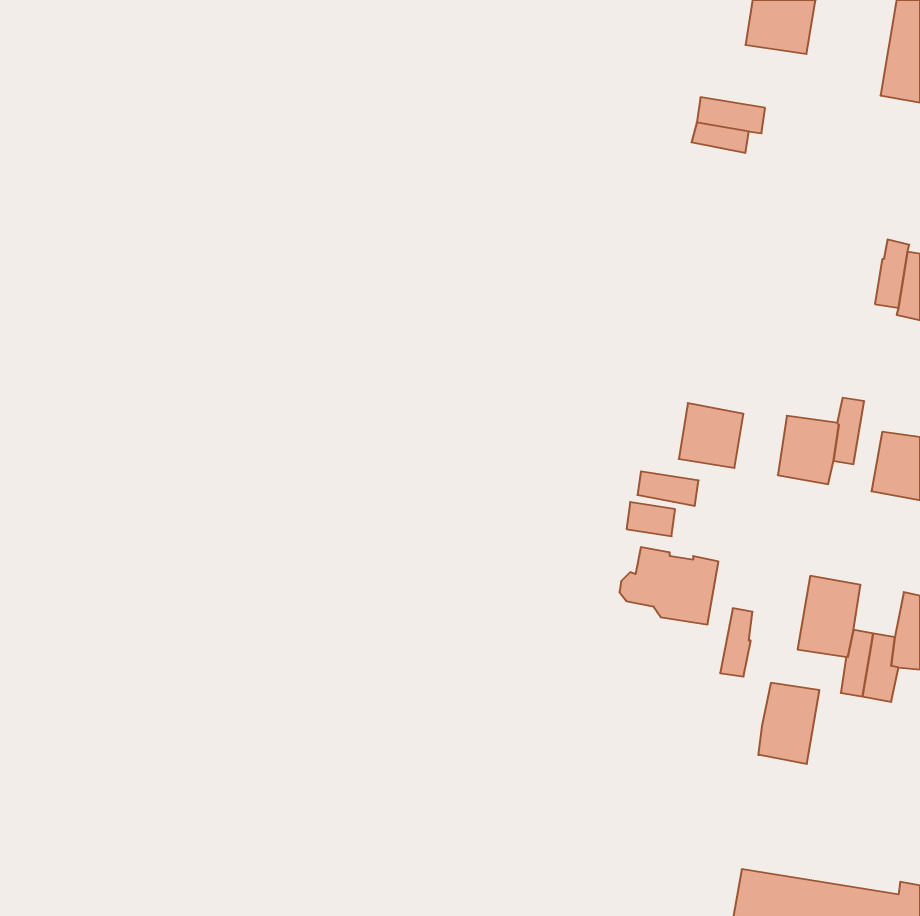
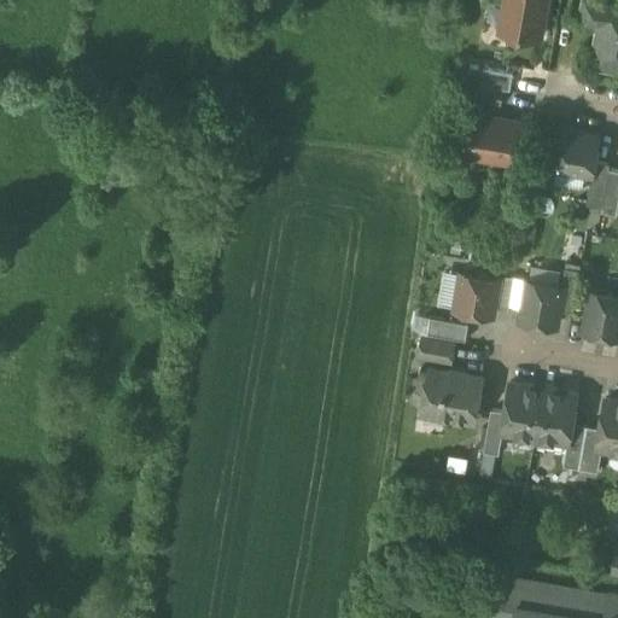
building: none -> [464,117,518,162]
building: none -> [556,133,600,176]
building: [758,683,819,764] -> [502,384,543,438]

